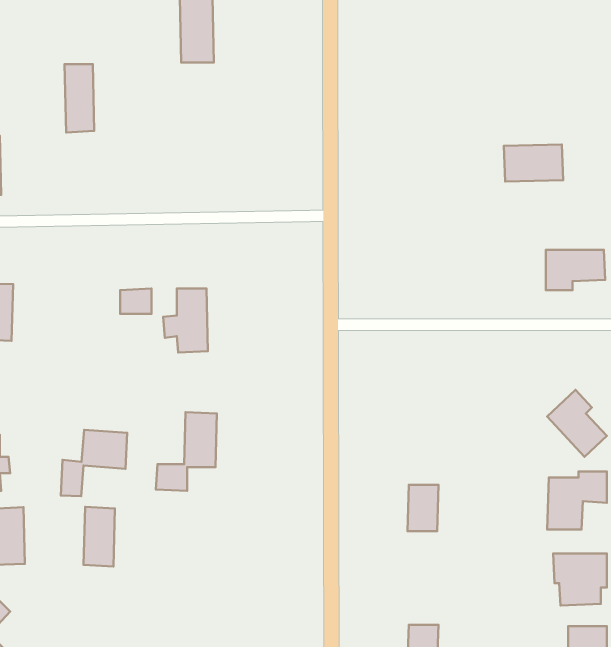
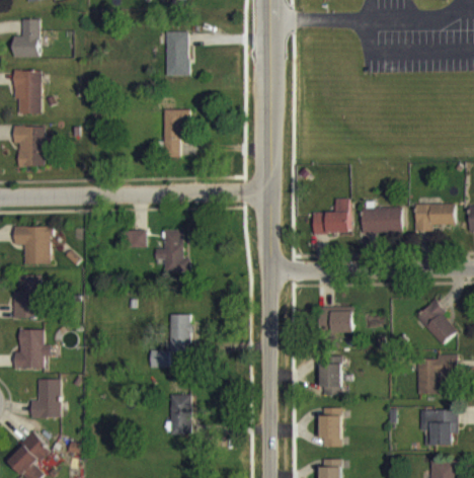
building: [65,64,94,132] -> [163,110,183,157]
building: [504,144,563,182] -> [361,207,401,232]
building: none -> [312,198,349,234]
building: none -> [316,306,352,332]
building: [61,430,127,496] -> none
building: [84,507,115,566] -> [169,394,190,434]
building: none -> [320,407,341,447]

